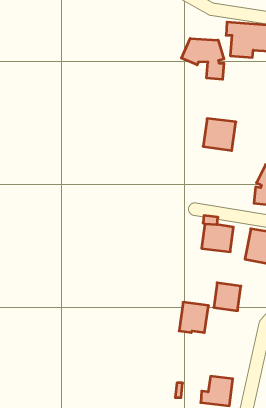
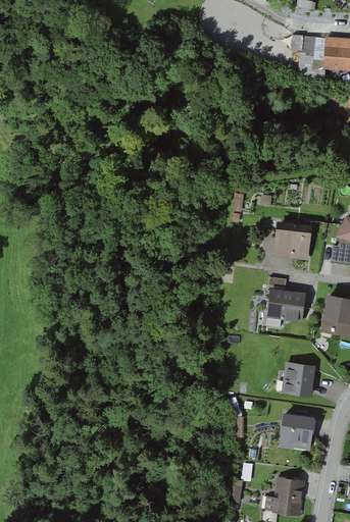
building: [181,38,224,79] -> none
building: [203,119,236,151] -> [271,220,312,260]
building: [179,302,209,333] -> [278,412,314,450]

